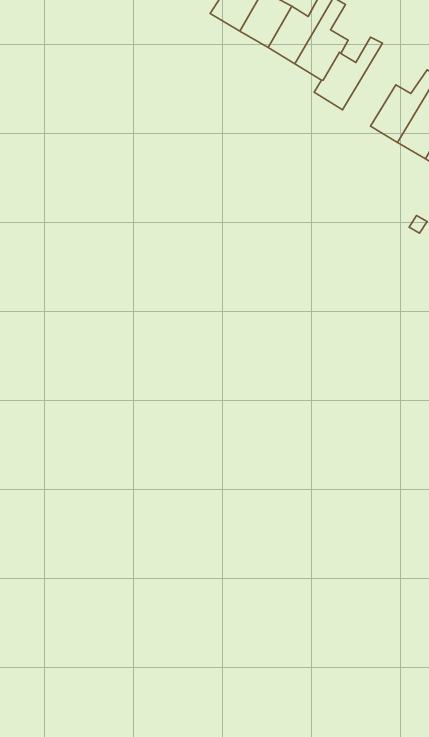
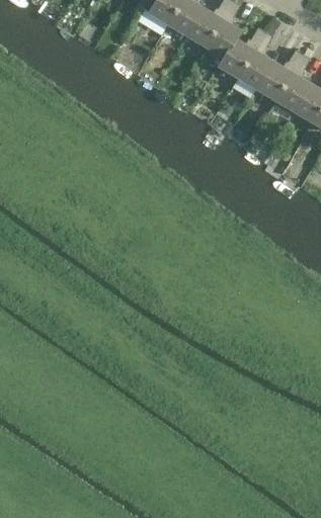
building: none -> [238,33,274,90]

